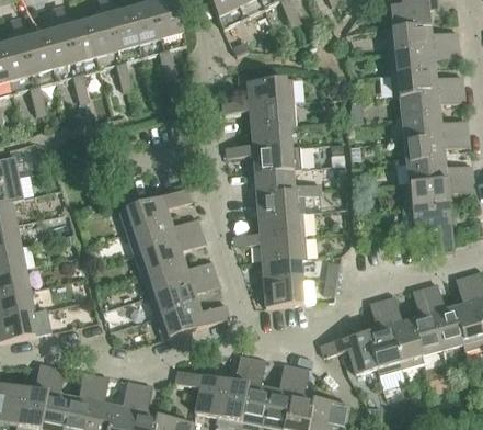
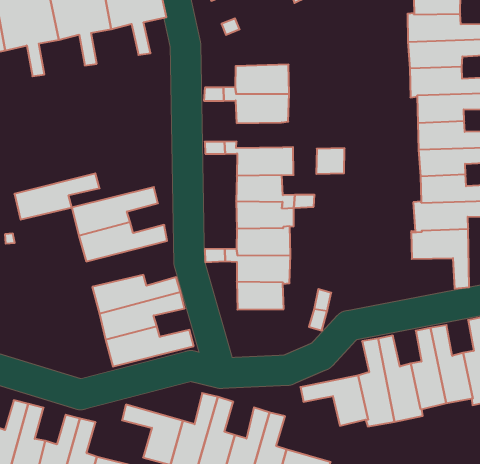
building: [251,125,290,149] -> none
building: [135,230,205,273] -> [14,173,100,220]
building: [263,280,303,306] -> none

